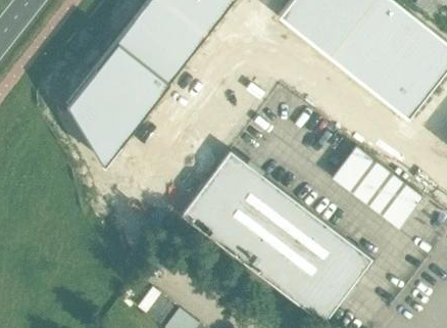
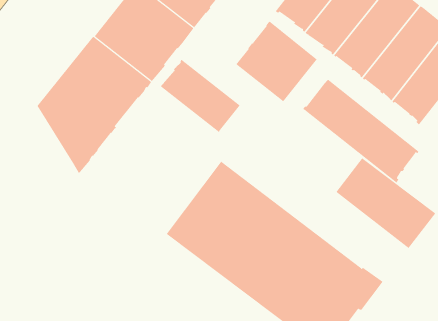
building: none -> [235,20,318,102]
building: none -> [160,59,241,133]
building: none -> [302,79,419,184]

